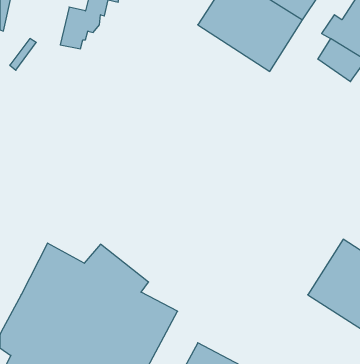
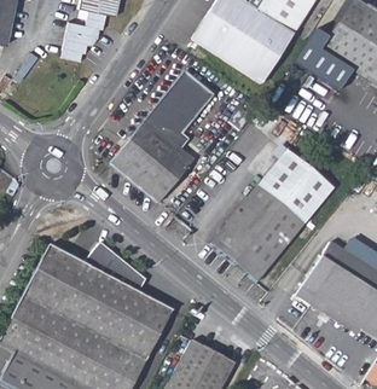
building: none -> [111,68,214,201]
building: none -> [211,151,335,280]

